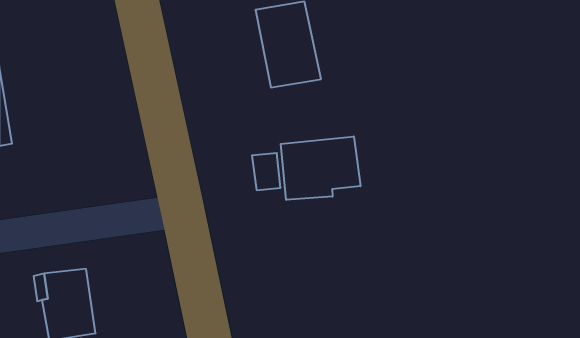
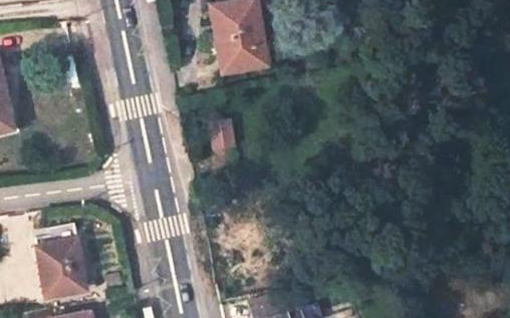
building: [281,136,360,200] -> none

